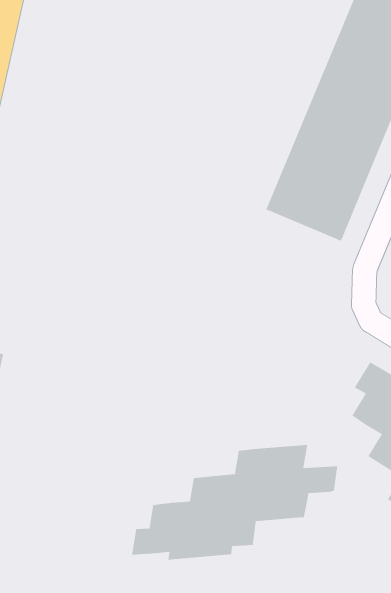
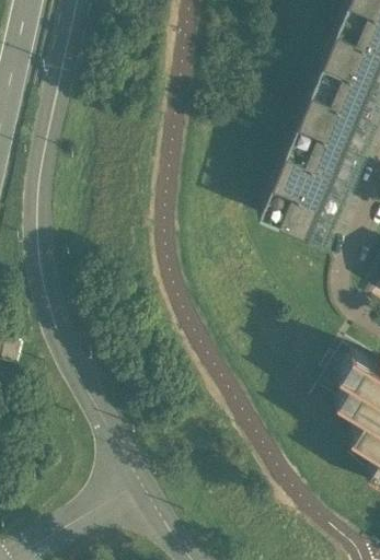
building: [131,444,338,561] -> none

